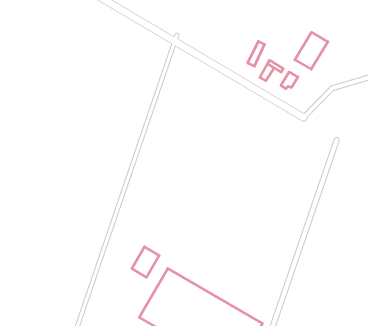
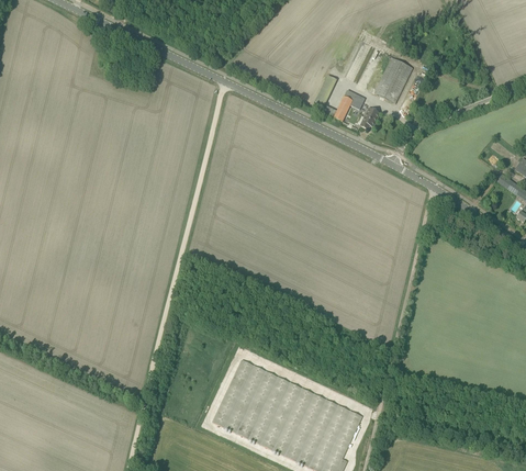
building: [132,247,159,277] -> none

